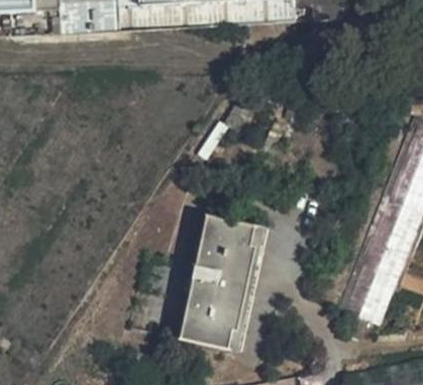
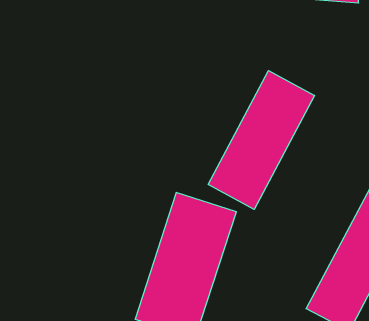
building: none -> [208,71,315,209]

